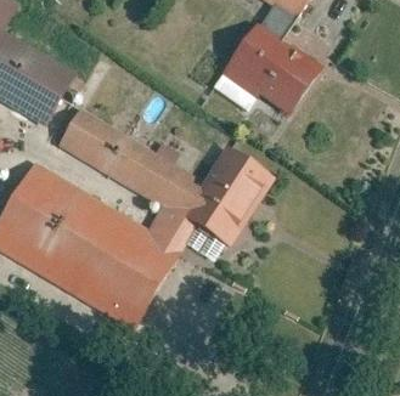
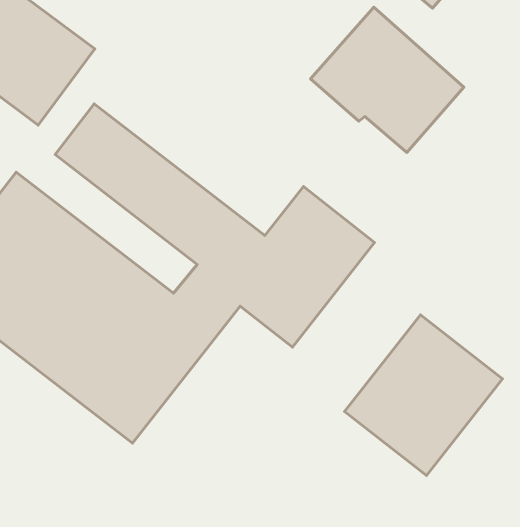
building: none -> [345,315,502,476]

